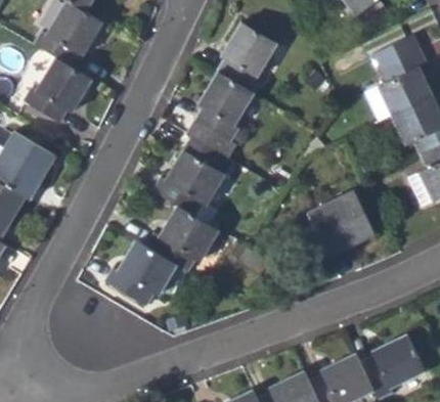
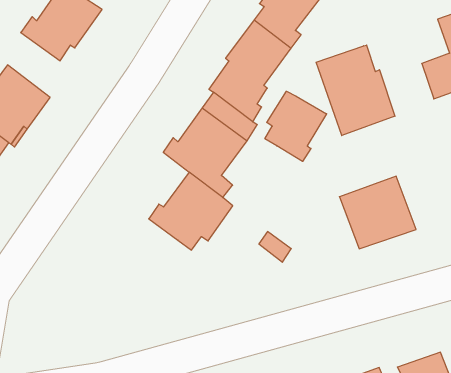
building: none -> [316,45,395,136]
building: none -> [265,91,327,161]
building: [106,239,175,305] -> none

